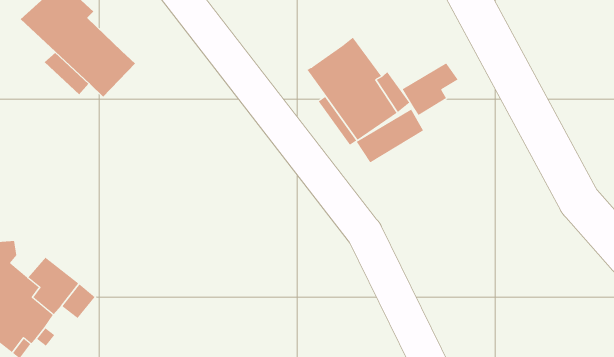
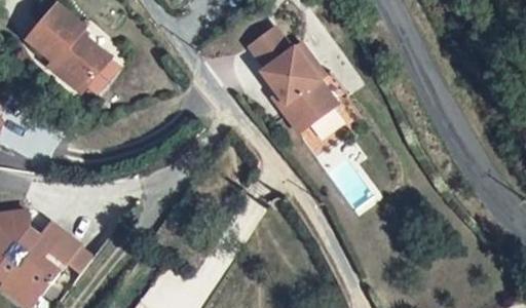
building: none -> [250,28,291,69]
building: [402,63,458,116] -> none

